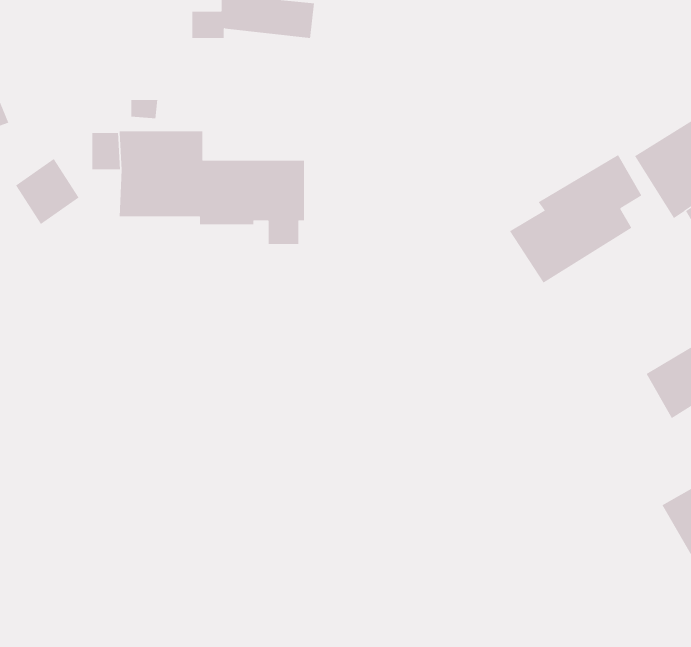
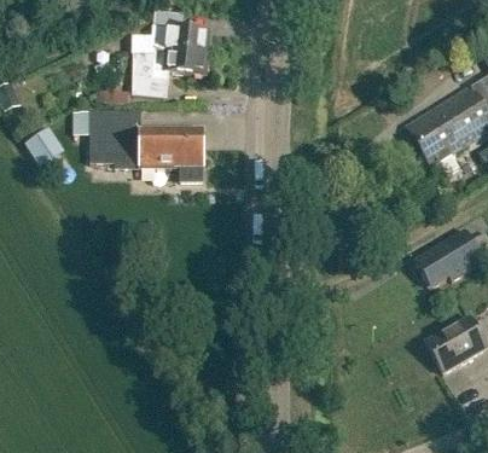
building: none -> [132,47,208,98]
building: [509,154,642,284] -> none

